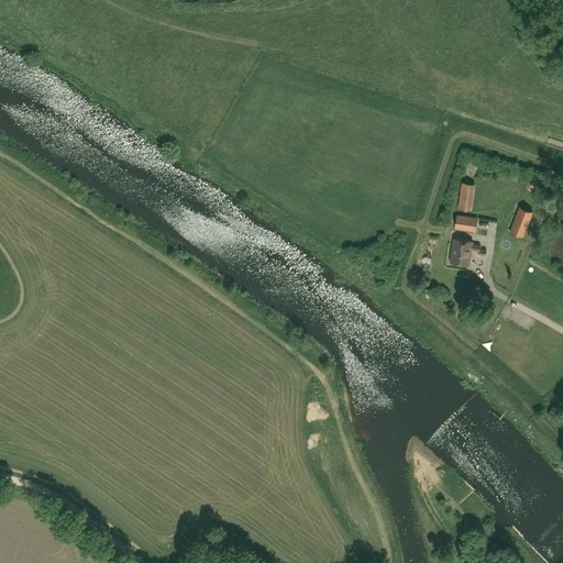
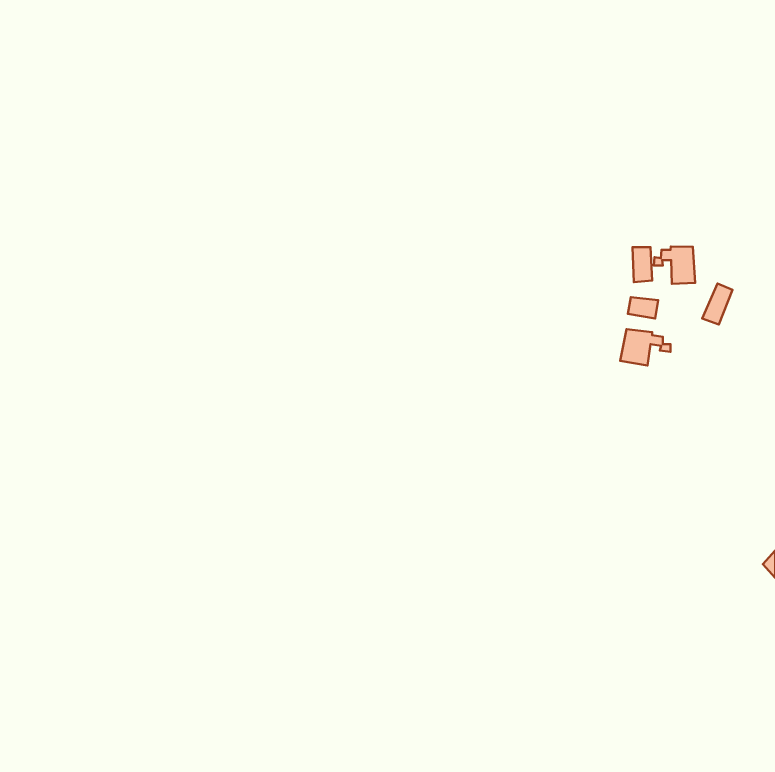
building: none -> [654,246,695,284]

